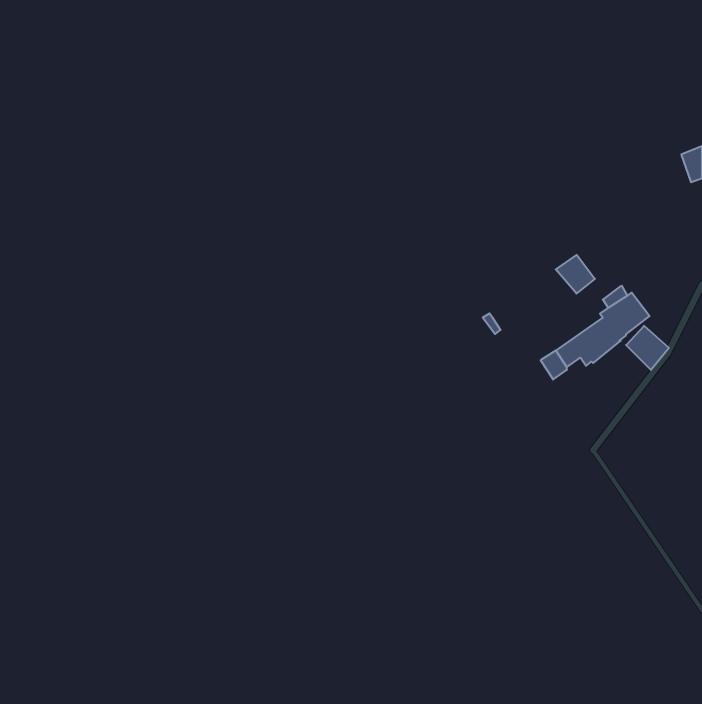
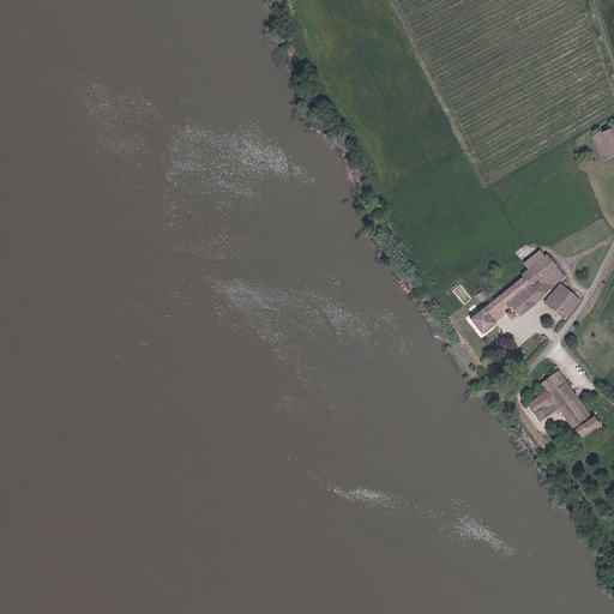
building: [556,255,595,294] -> none
building: none -> [528,372,601,440]

